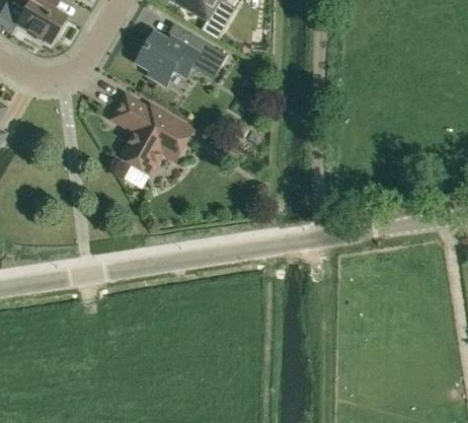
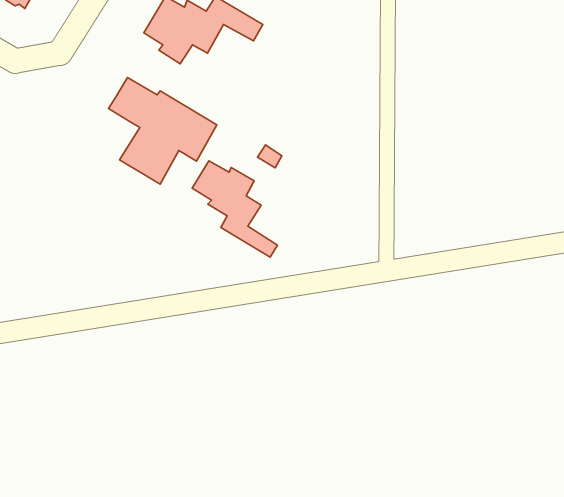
building: none -> [192,161,278,257]

